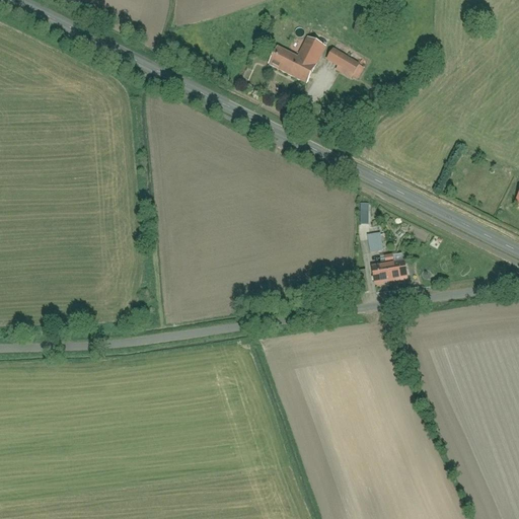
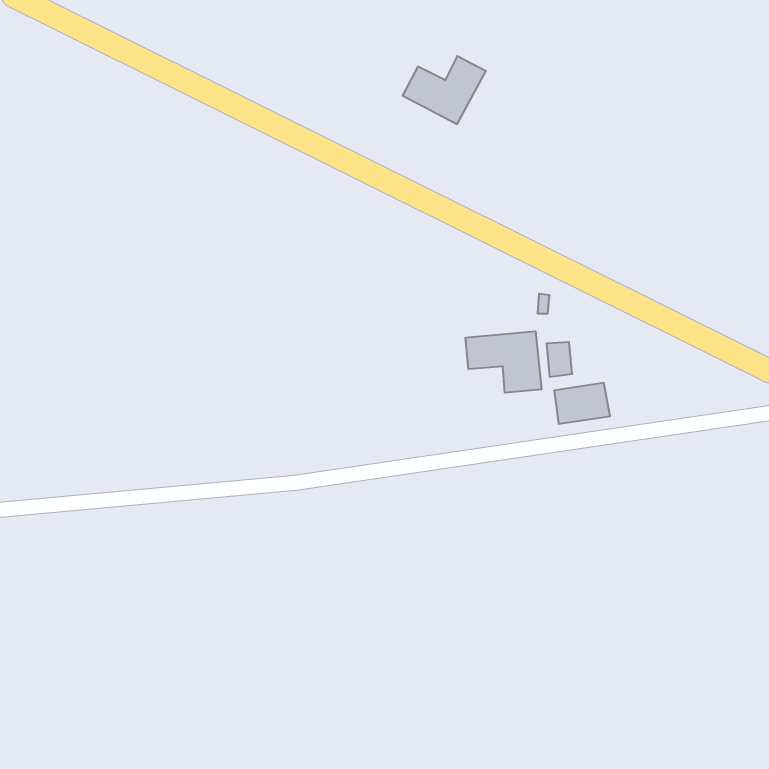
building: [328,45,362,75] -> none
building: none -> [466,331,542,393]

